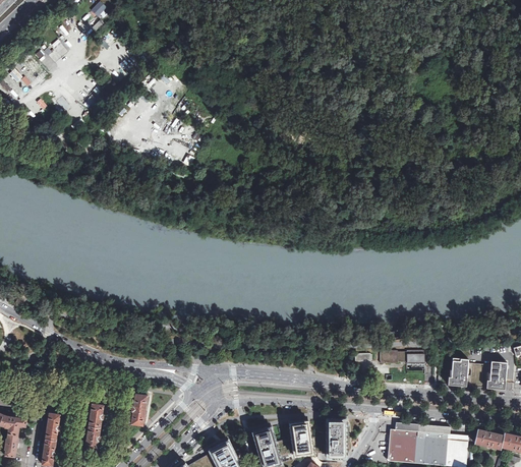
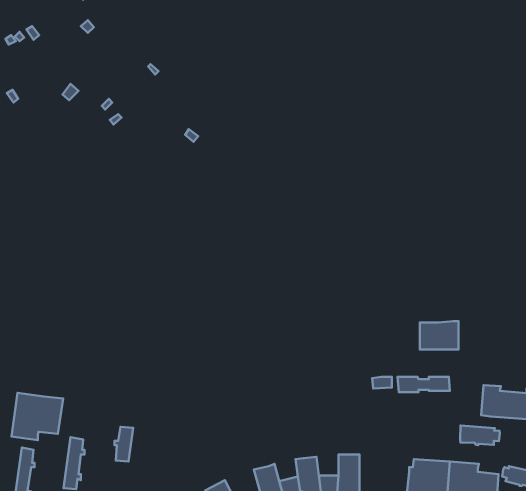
building: none -> [420,321,458,349]
building: none -> [11,393,63,440]
building: none -> [460,425,500,445]

